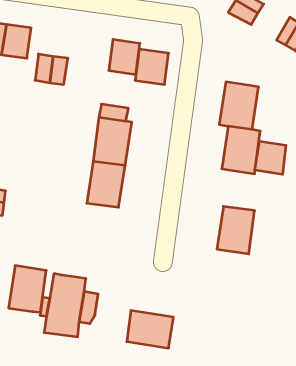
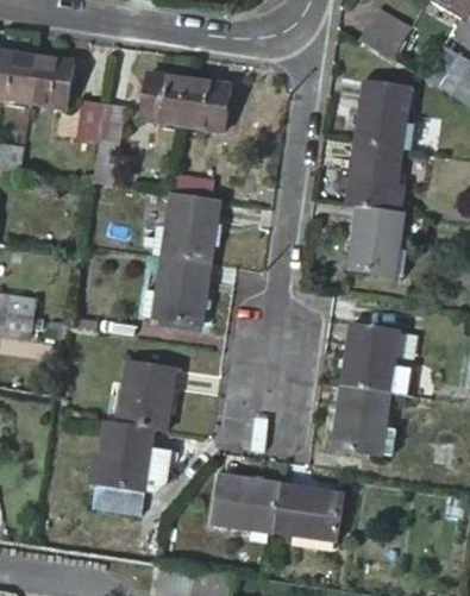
building: none -> [356,81,412,149]
building: [135,49,169,84] -> [143,74,192,125]
building: [255,141,286,174] -> none
building: none -> [334,384,389,453]
building: [9,266,46,312] -> [118,360,173,428]
building: none -> [272,483,344,538]

